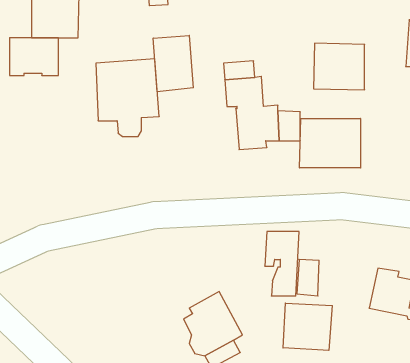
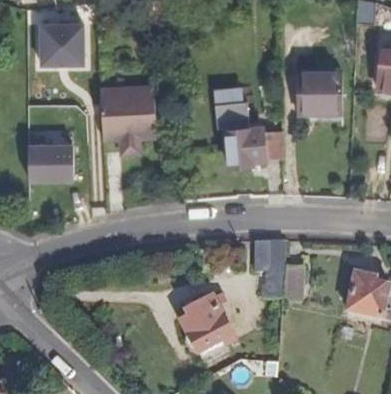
building: [153,35,193,92] -> none
building: [10,38,58,75] -> [29,144,73,178]
building: [300,118,361,168] -> none
building: [283,303,332,350] -> none

